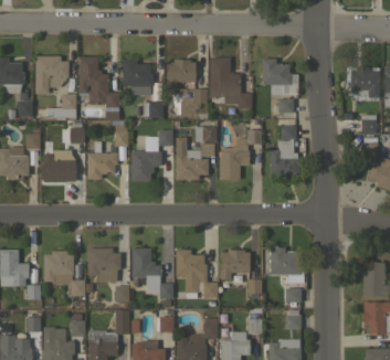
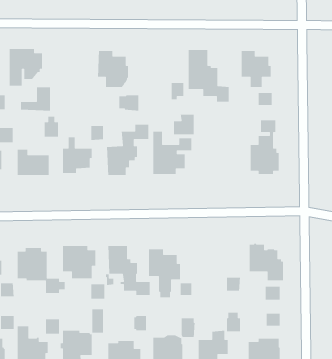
building: [78,56,119,120] -> none
building: [167,60,196,89] -> none
building: [219,130,261,180] -> none
building: [221,250,250,279] -> none

